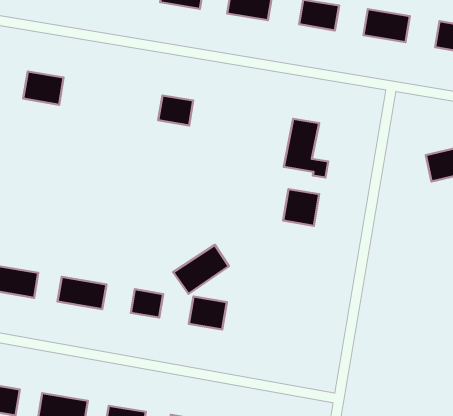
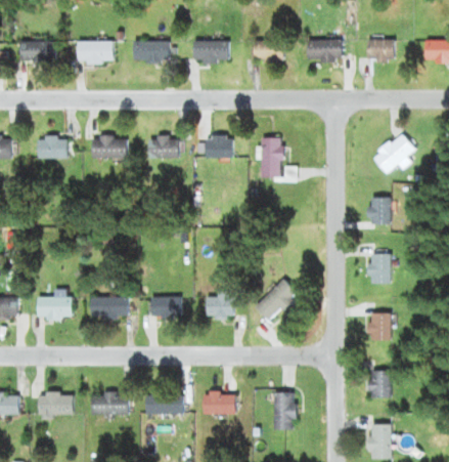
building: none -> [94,137,129,158]
building: none -> [204,136,231,158]
building: [283,189,319,226] -> none
building: none -> [367,198,389,224]
building: [173,245,229,294] -> [253,280,297,323]
building: none -> [368,255,389,284]
building: none -> [367,314,390,341]

